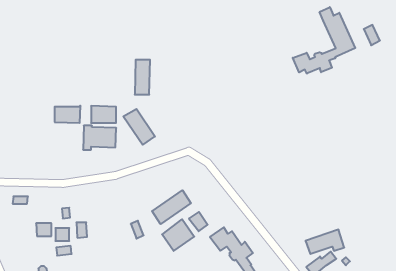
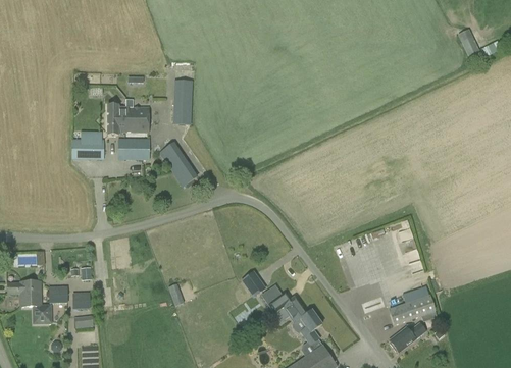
building: [293,7,355,74] -> none
building: [83,126,116,150] -> [107,104,149,135]
building: [152,190,191,224] -> none
building: [162,219,194,251] -> none
building: none -> [7,281,51,322]

